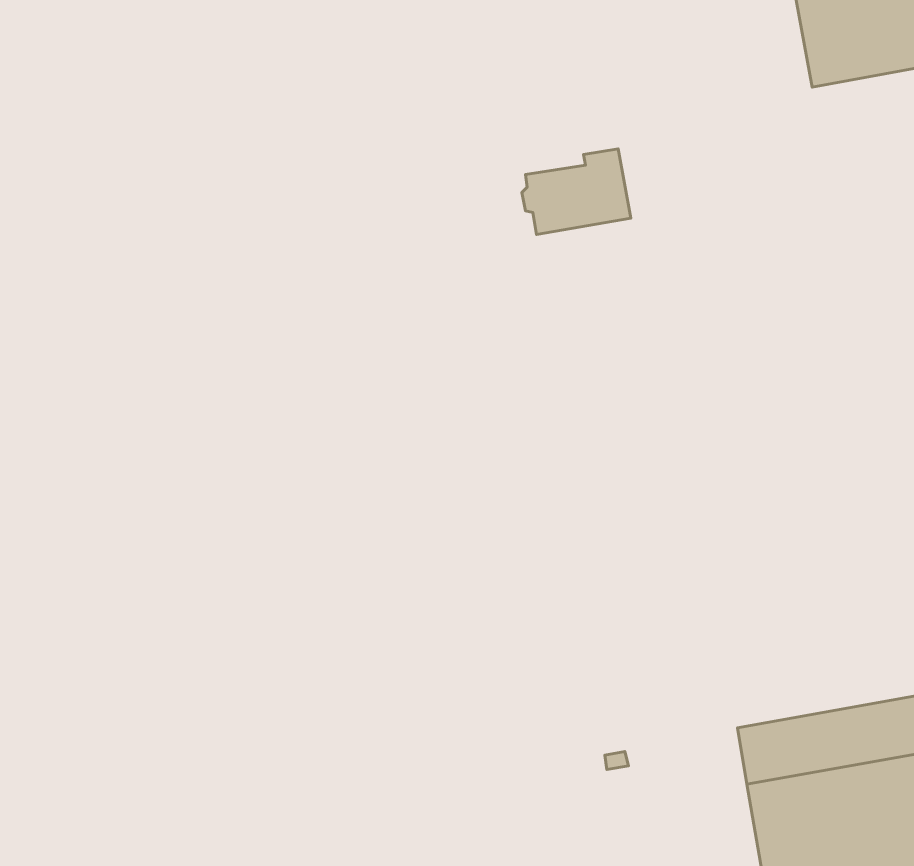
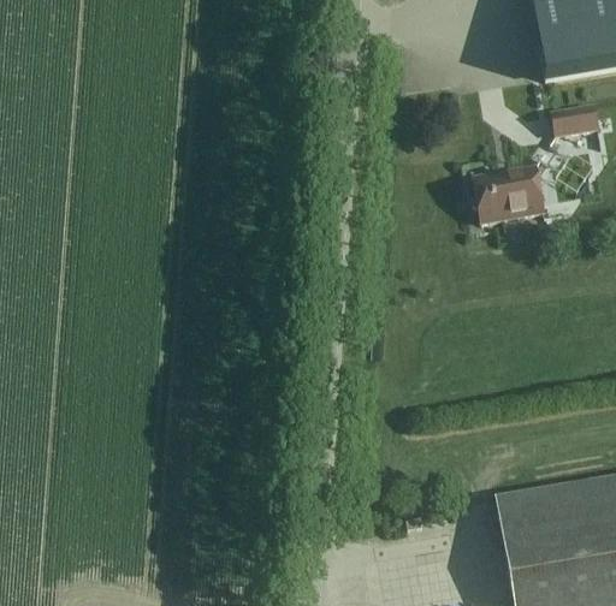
building: none -> [553,105,600,136]
building: [522,149,631,234] -> [474,166,546,222]

